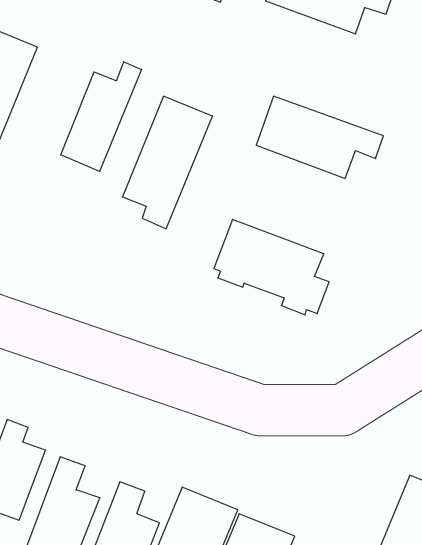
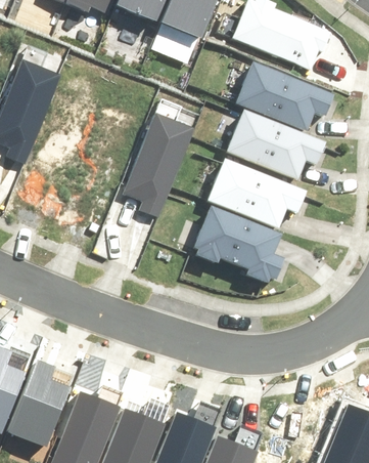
building: none -> [236,67,335,130]
building: [61,62,142,171] -> none
building: none -> [209,160,308,223]

